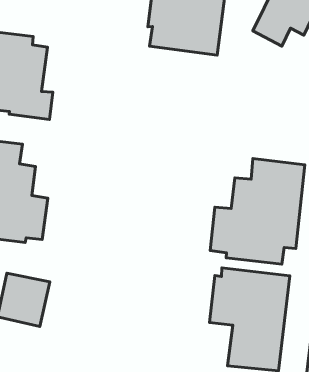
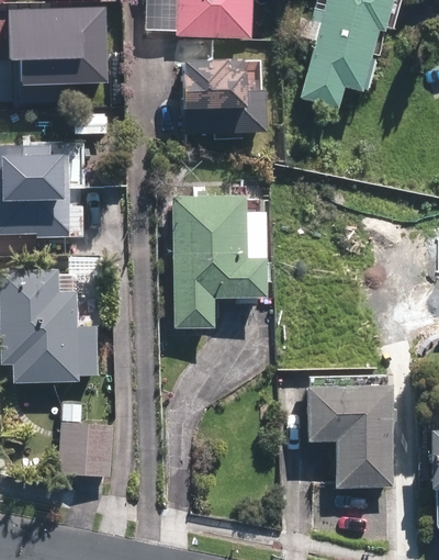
building: none -> [175,195,266,329]
building: [210,159,305,264] -> none

